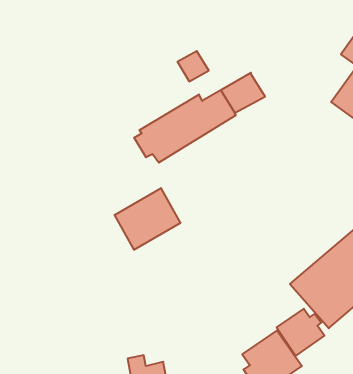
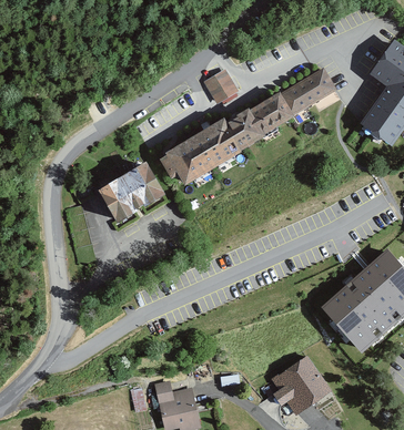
building: none -> [280,68,335,114]
building: [114,188,181,250] -> [97,160,164,223]
building: [277,309,324,356] -> none

